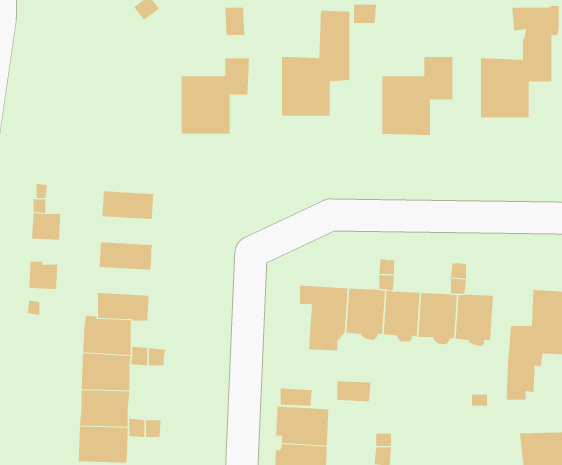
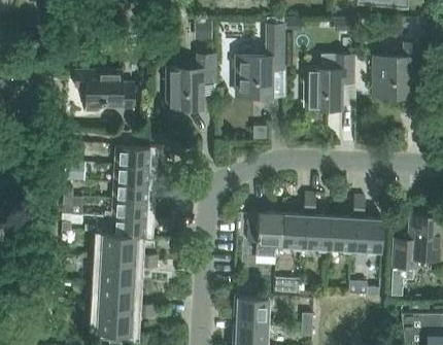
building: none -> [74,71,135,108]
building: none -> [112,165,148,184]
building: none -> [110,200,147,219]

